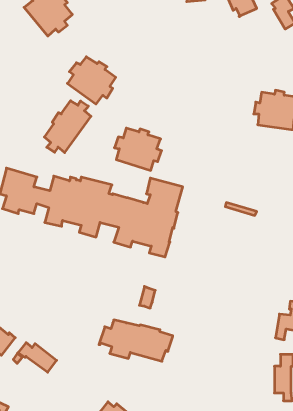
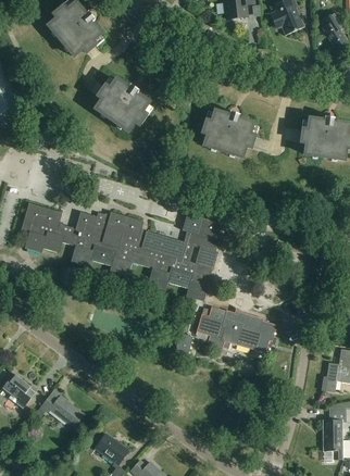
building: [44,101,91,153] -> none
building: [114,128,162,170] -> [202,111,254,158]
building: [99,320,173,361] -> [196,306,277,352]
building: none -> [96,433,128,465]

